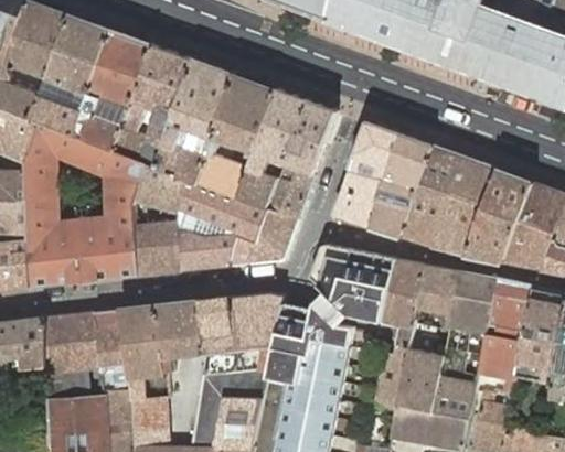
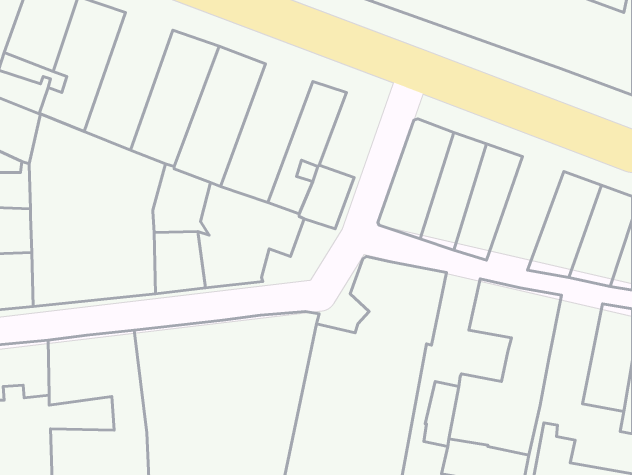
building: [75,30,153,151] -> none
building: [195,75,277,197] -> none
building: [282,100,335,175] -> none
building: [430,157,499,257] -> none
building: [136,163,186,214] -> none
building: [232,212,297,267] -> none
building: [382,259,425,351] -> none
building: [478,279,533,394] -> none

